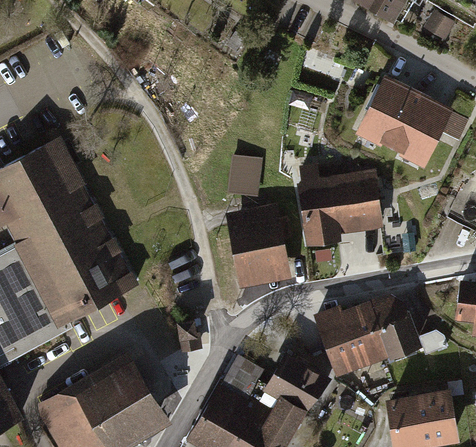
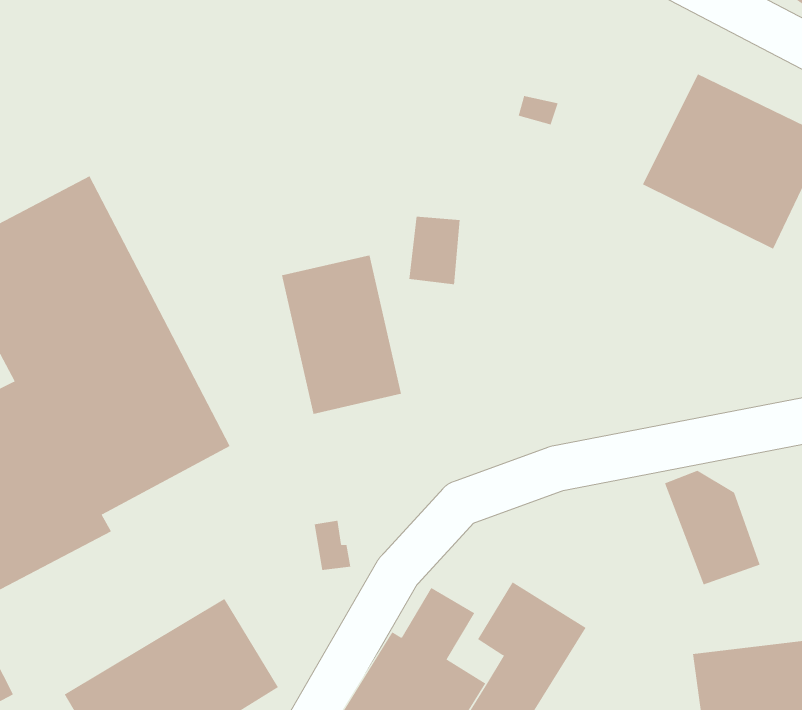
building: [297,164,382,250] -> none
building: [226,202,291,288] -> [281,255,402,414]
building: [313,302,389,377] -> none

